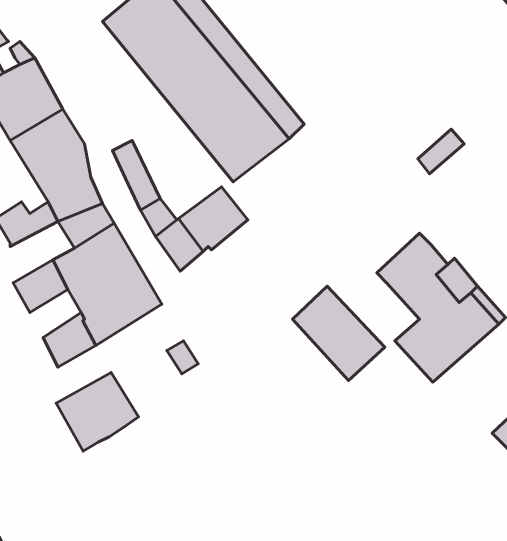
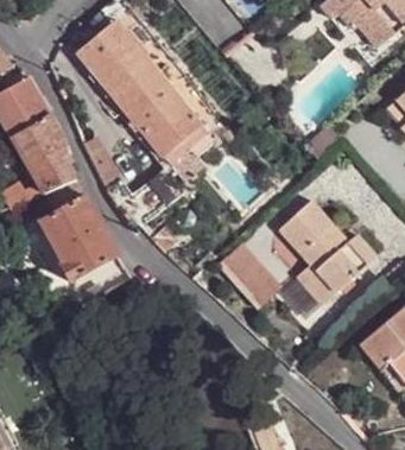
building: [56,372,138,451] -> none

